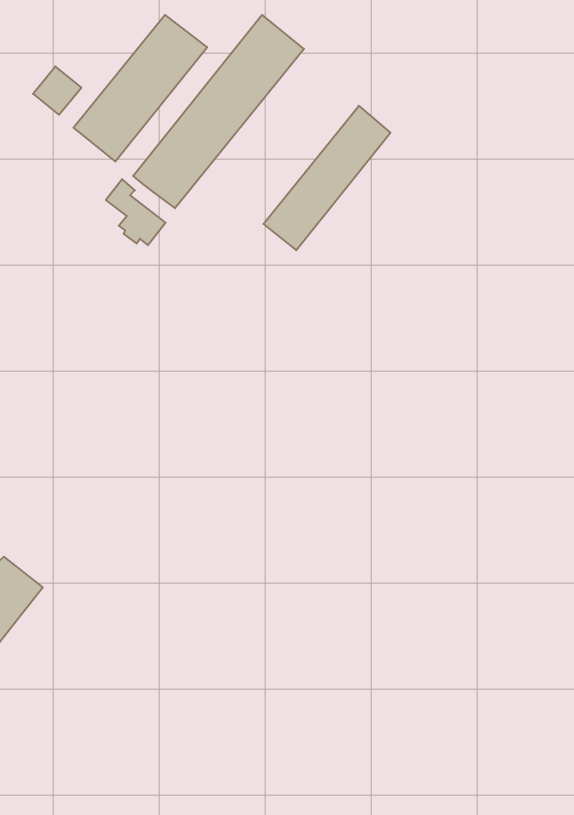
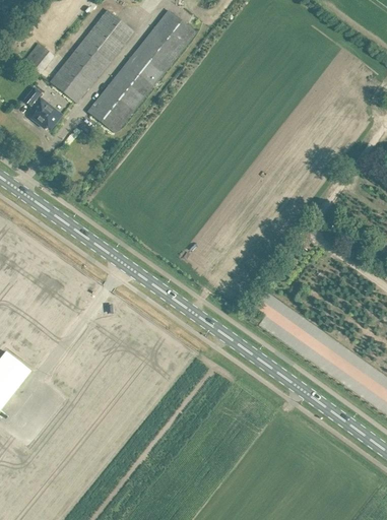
building: [263,106,390,250] -> none
building: [106,179,166,245] -> [24,87,62,129]

